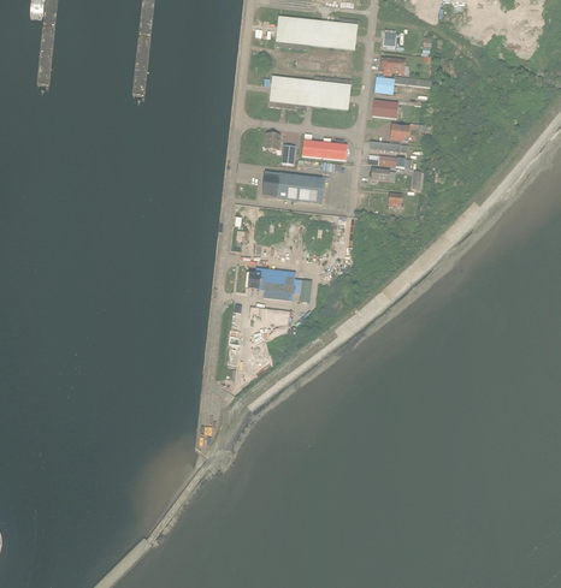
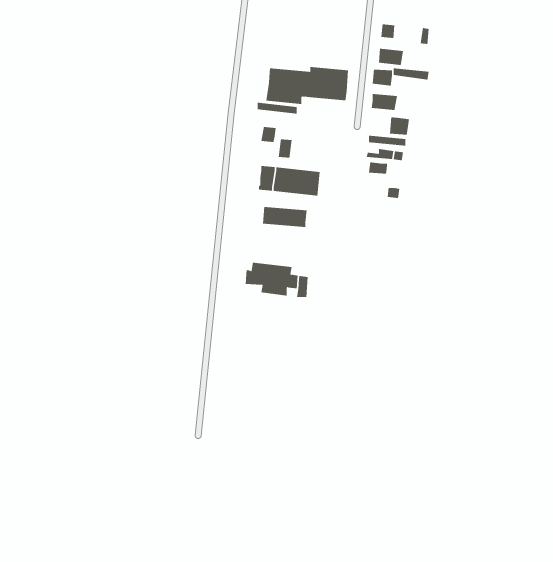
building: [274,16,355,49] -> none
building: [301,138,346,159] -> [262,207,307,227]

